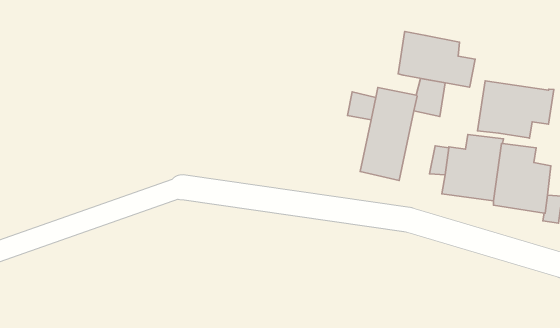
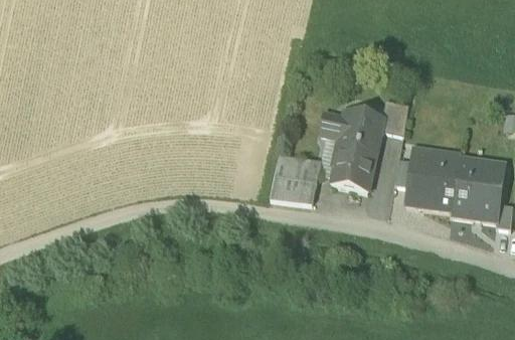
building: [398,31,475,87] -> none
building: [477,81,554,138] -> none
building: none -> [271,153,321,200]

